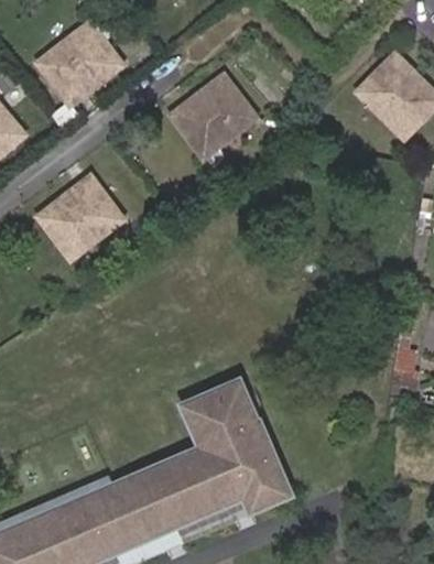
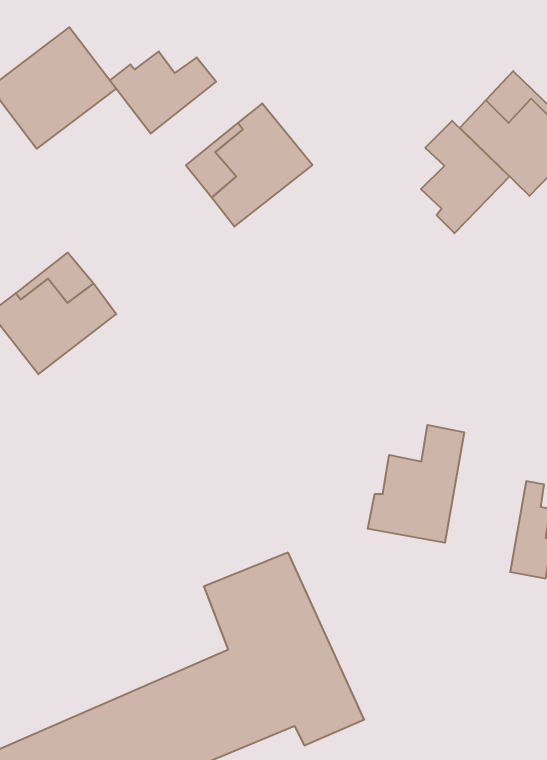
building: none -> [110,51,216,134]
building: none -> [421,121,510,233]
building: none -> [368,425,464,543]

